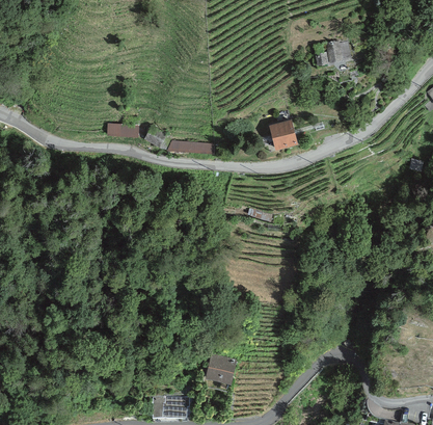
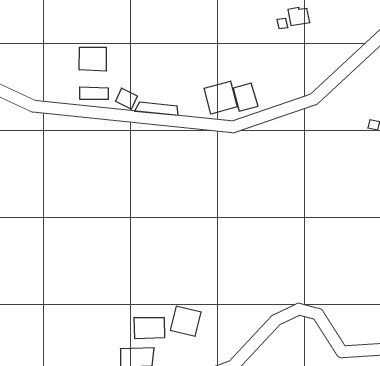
building: none -> [79,47,106,71]
building: none -> [204,81,237,114]
building: none -> [134,317,164,339]

